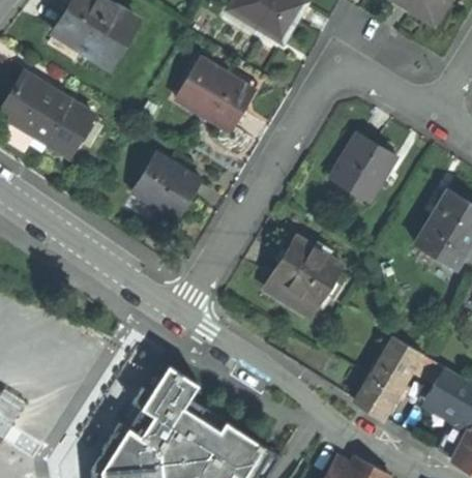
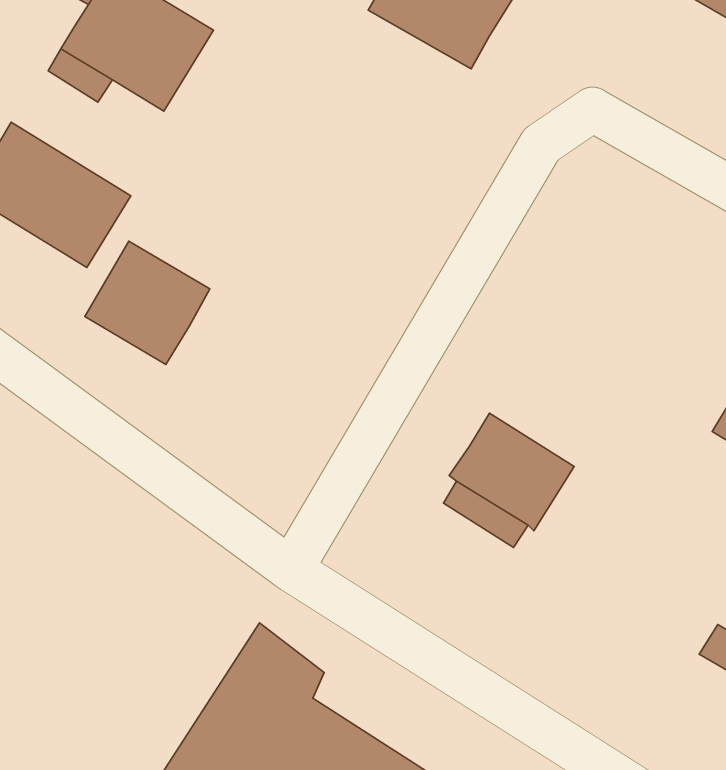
building: [175,59,259,132] -> none
building: [333,136,400,202] -> none
building: [129,151,200,220] -> [85,241,210,364]
building: [355,338,422,421] -> none

